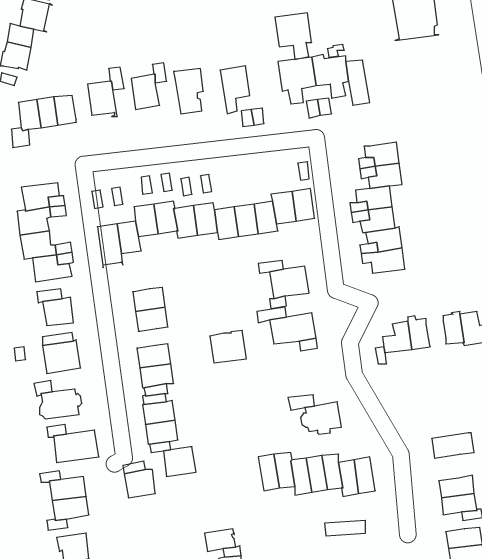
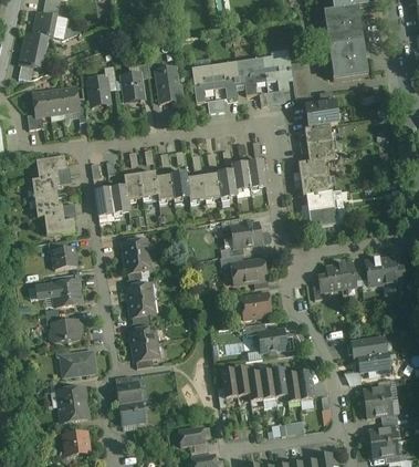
building: [275,13,312,59] -> [211,61,240,97]
building: none -> [328,40,367,79]
building: none -> [306,101,337,127]
building: [210,330,246,363] -> [241,292,270,318]
building: none -> [350,336,386,357]
building: [164,447,196,476] -> [119,399,145,423]

